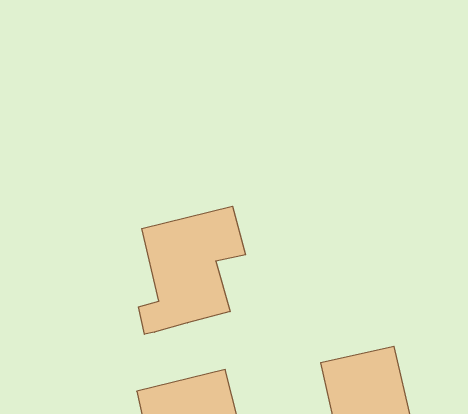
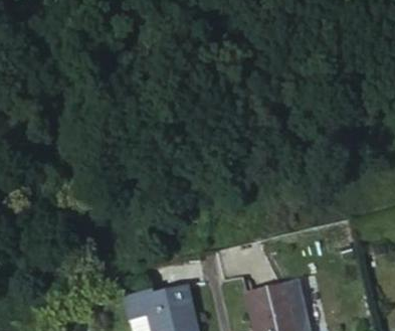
building: [138,206,246,334] -> none

